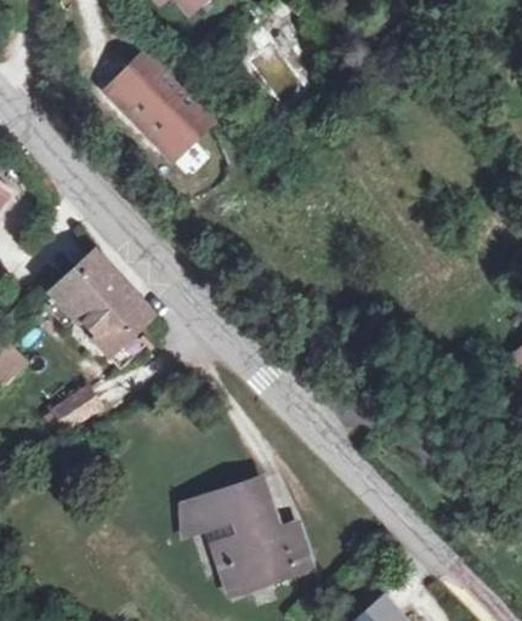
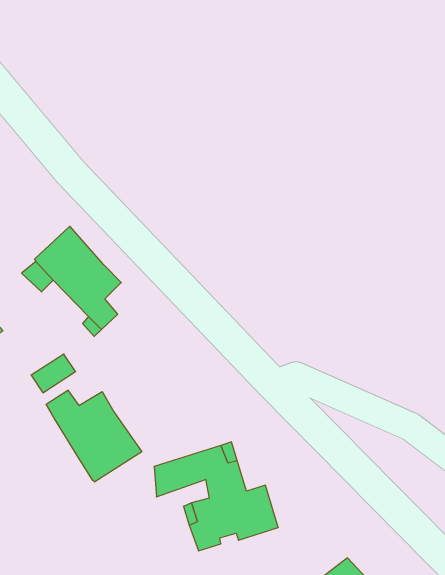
building: [98,40,215,164] -> none
building: none -> [46,390,142,482]

